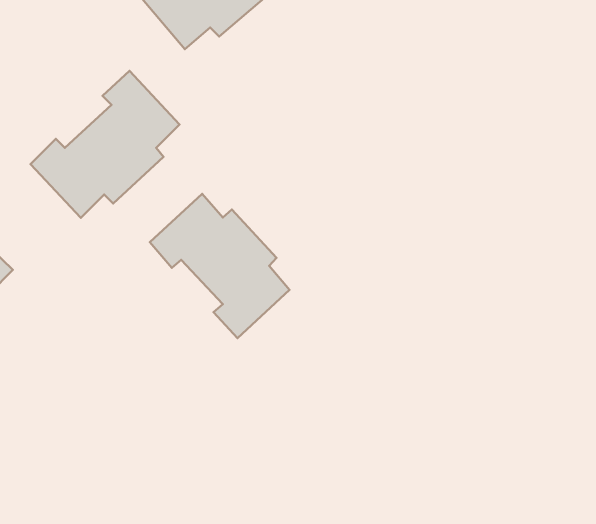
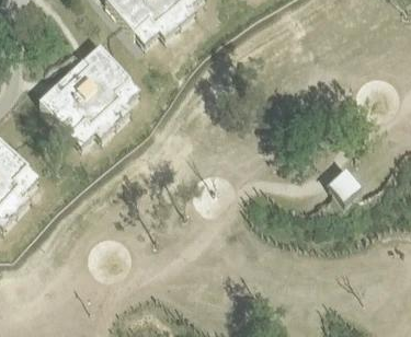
building: [150,194,290,338] -> none

